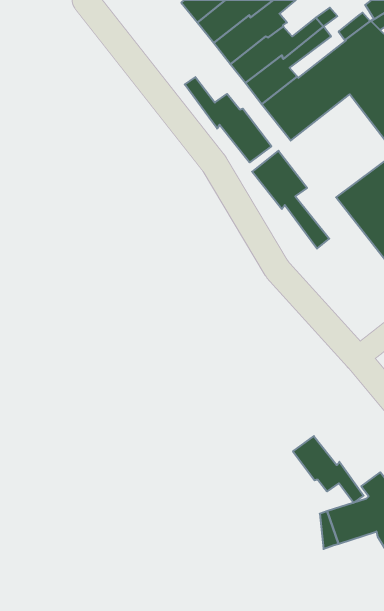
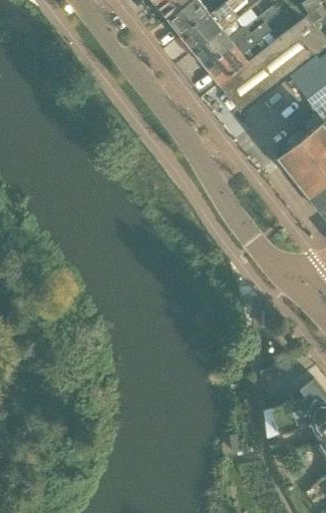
building: [185,77,271,162] -> none
building: [252,151,329,249] -> none
building: [293,436,364,503] -> none

